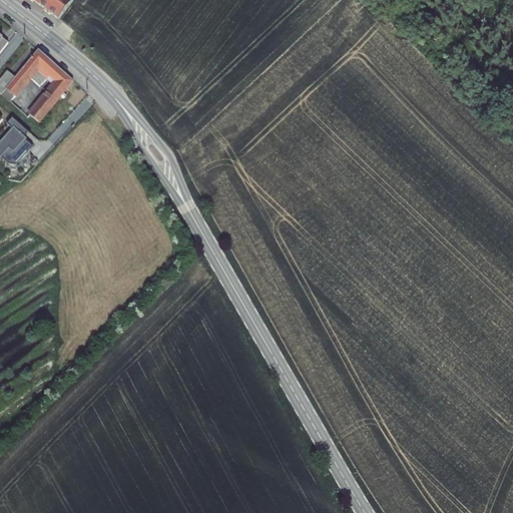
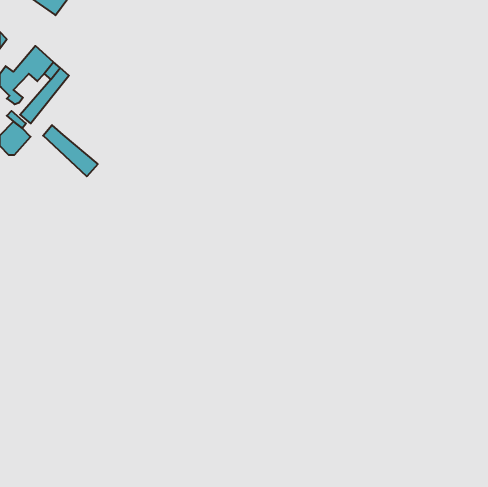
building: none -> [43,125,98,176]

